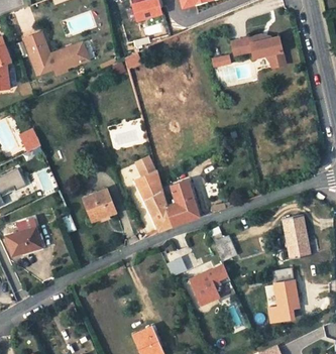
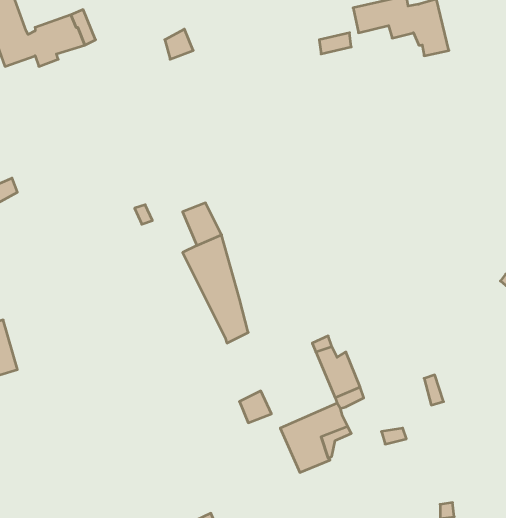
building: [167,181,199,225] -> none
building: [83,191,115,221] -> none
building: [284,216,310,258] -> none
building: [272,269,299,311] -> none

